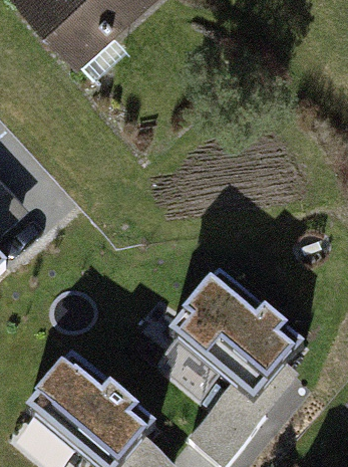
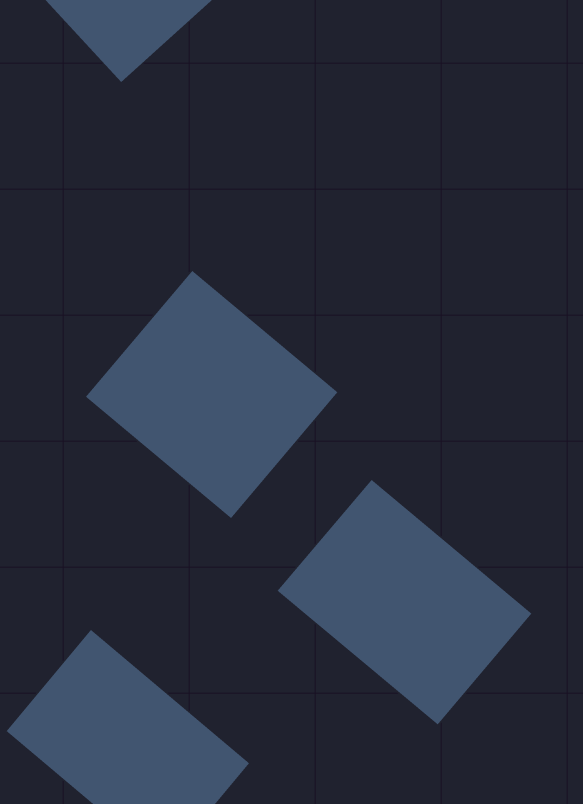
building: none -> [85,270,339,519]

